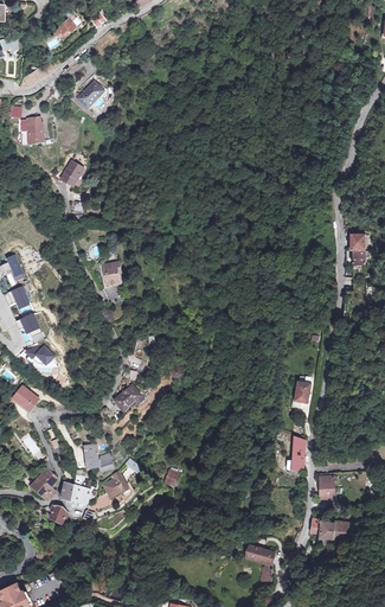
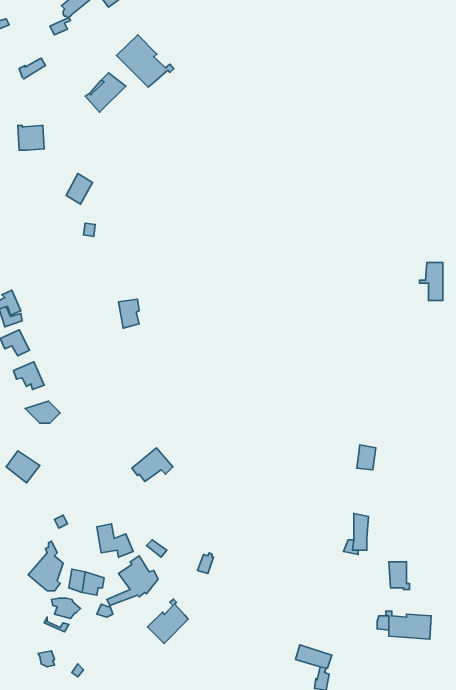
building: none -> [117,35,174,87]
building: none -> [148,599,188,643]

